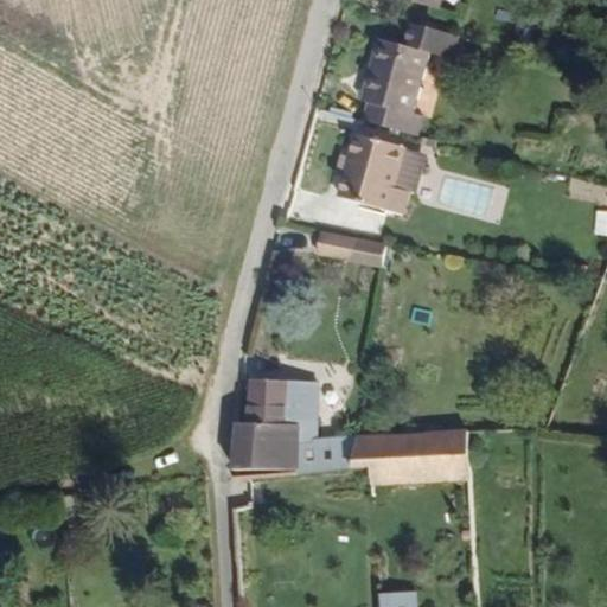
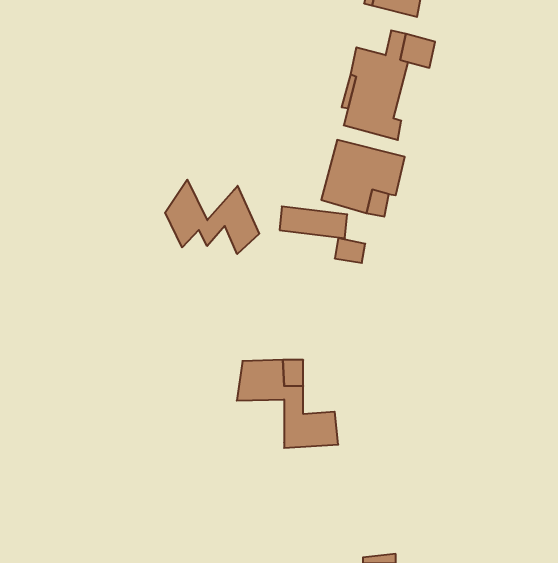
building: none -> [165,180,259,254]
building: [232,420,299,465] -> none
building: [352,423,471,477] -> none

